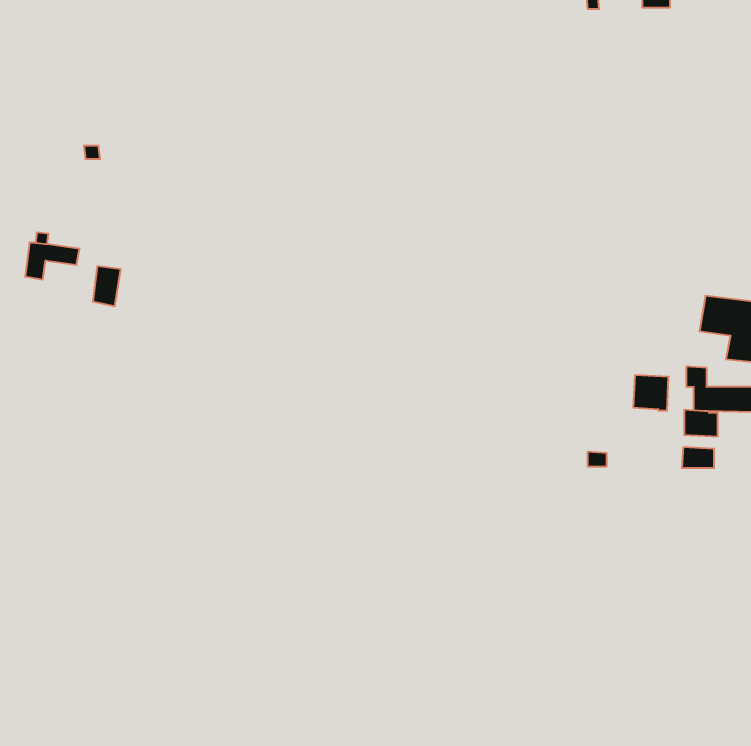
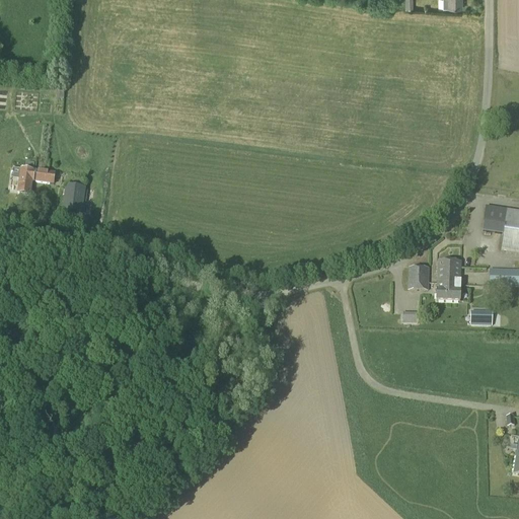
building: none -> [409,265,429,288]
building: [684,410,718,436] -> [437,281,460,299]

